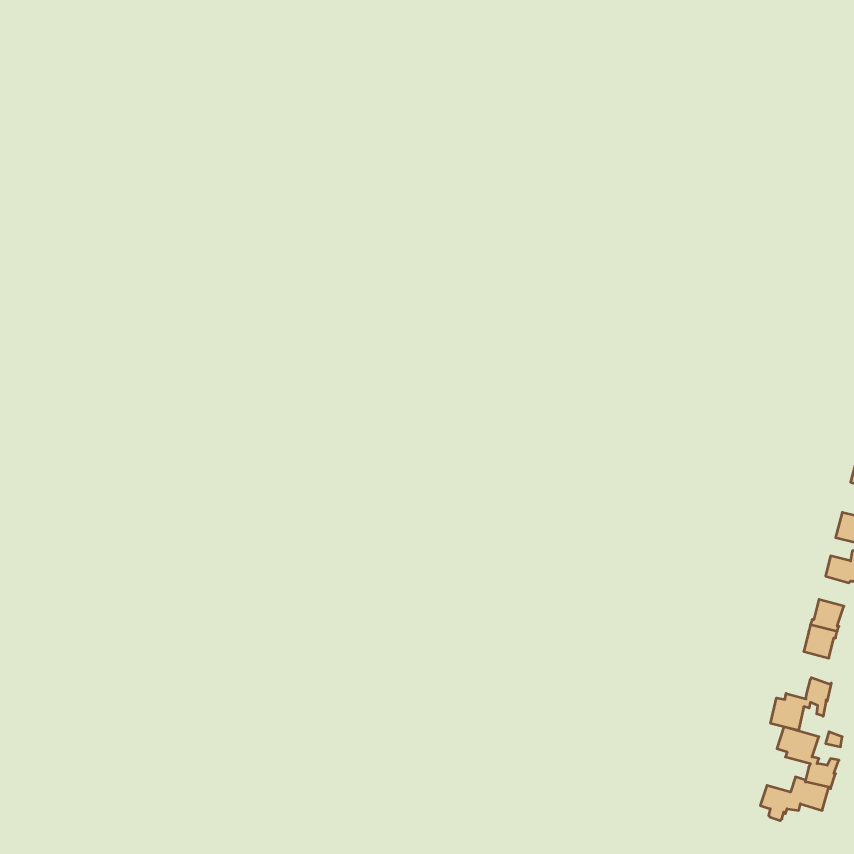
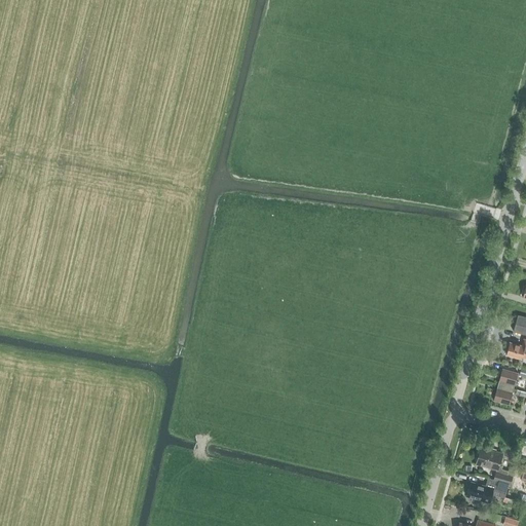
building: [771,678,831,730] -> none

